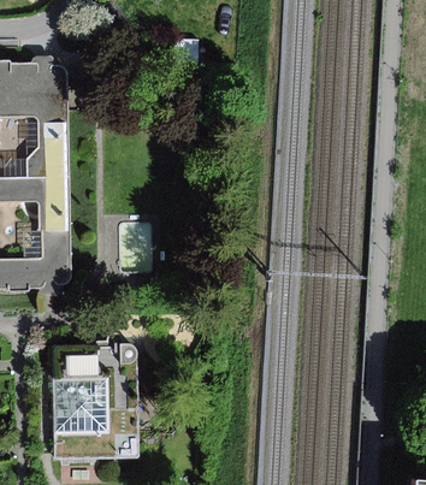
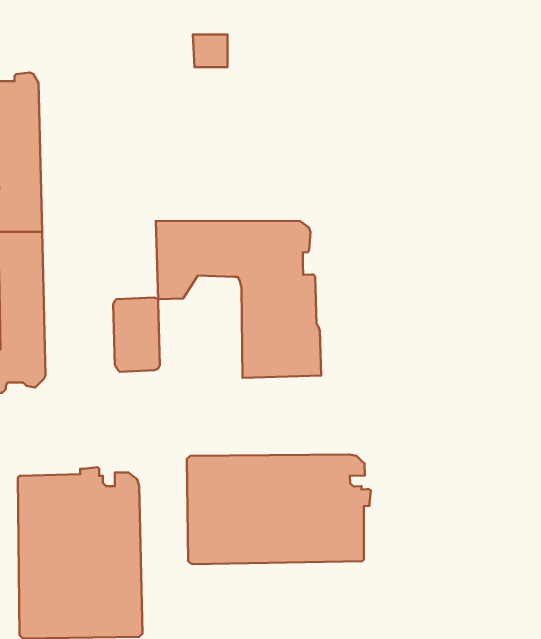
building: none -> [156,221,321,378]
building: none -> [187,455,371,564]

